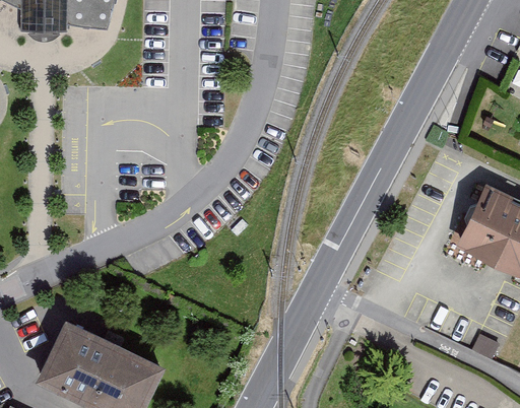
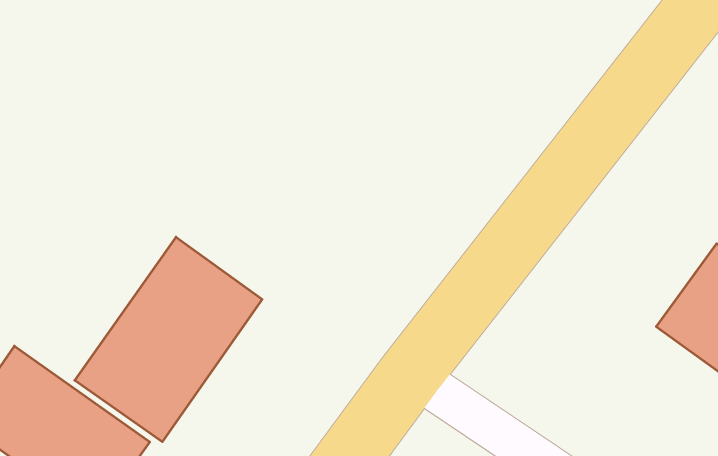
building: none -> [75,237,262,442]

